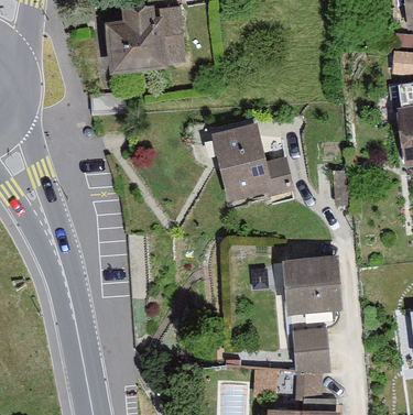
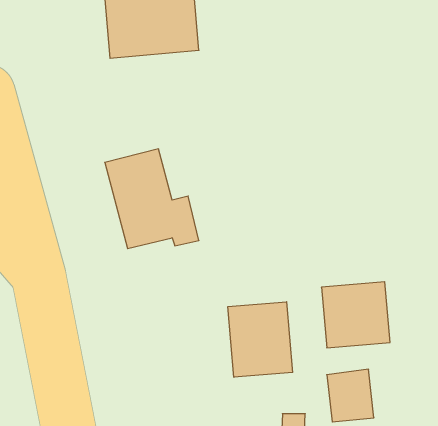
building: [209,120,286,201] -> [105,149,199,249]
building: none -> [228,302,293,377]

